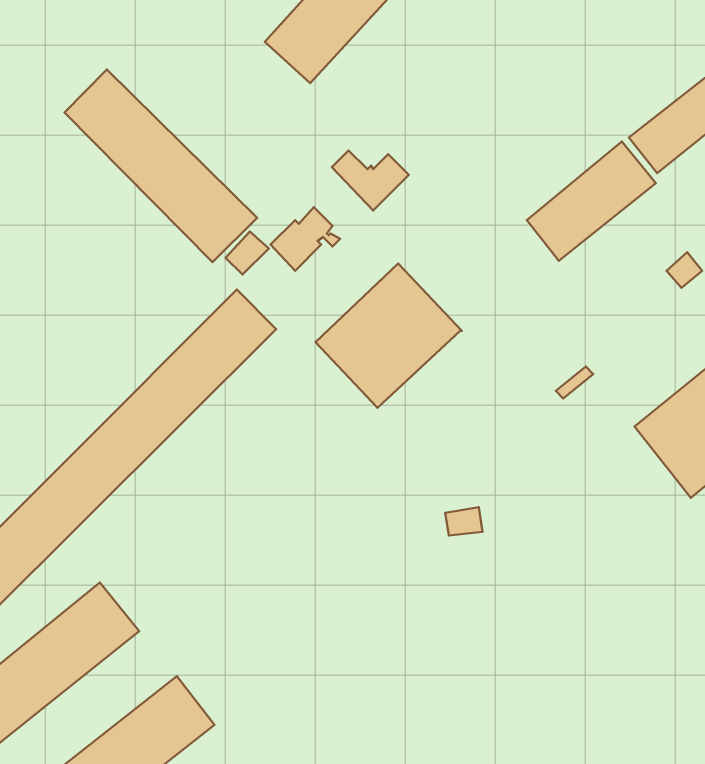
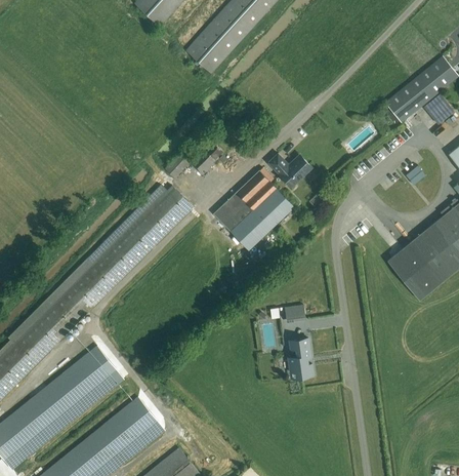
building: [64,70,257,262] -> none
building: [527,141,656,261] -> none
building: [332,150,409,210] -> [268,154,310,187]
building: none -> [288,339,314,378]

